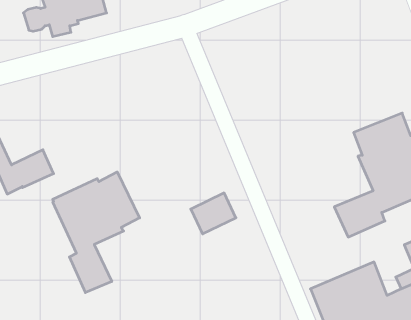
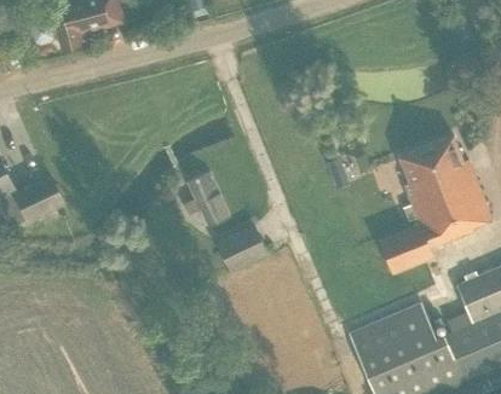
building: none -> [183,169,230,225]
building: [53,172,140,293] -> none

